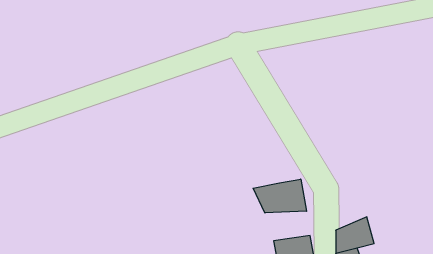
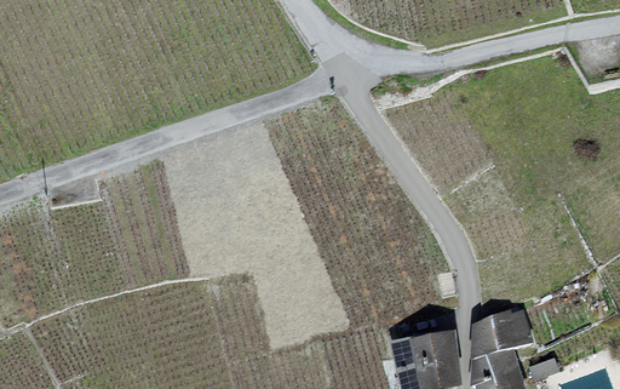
building: [253,179,307,213] -> none

